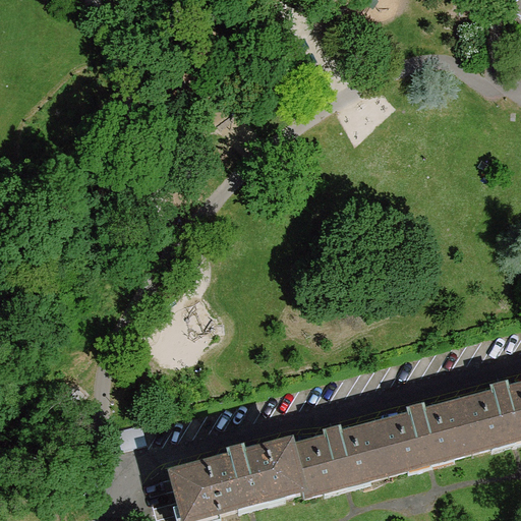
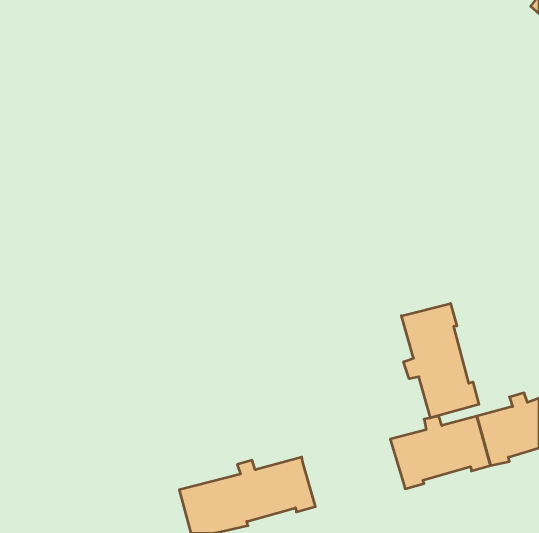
building: none -> [401,303,479,418]
building: [292,423,391,495] -> none

